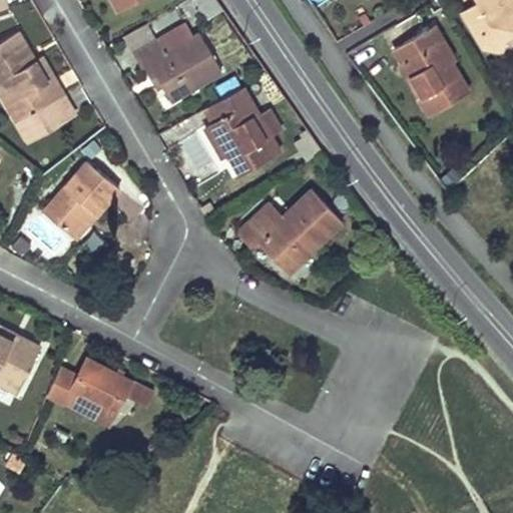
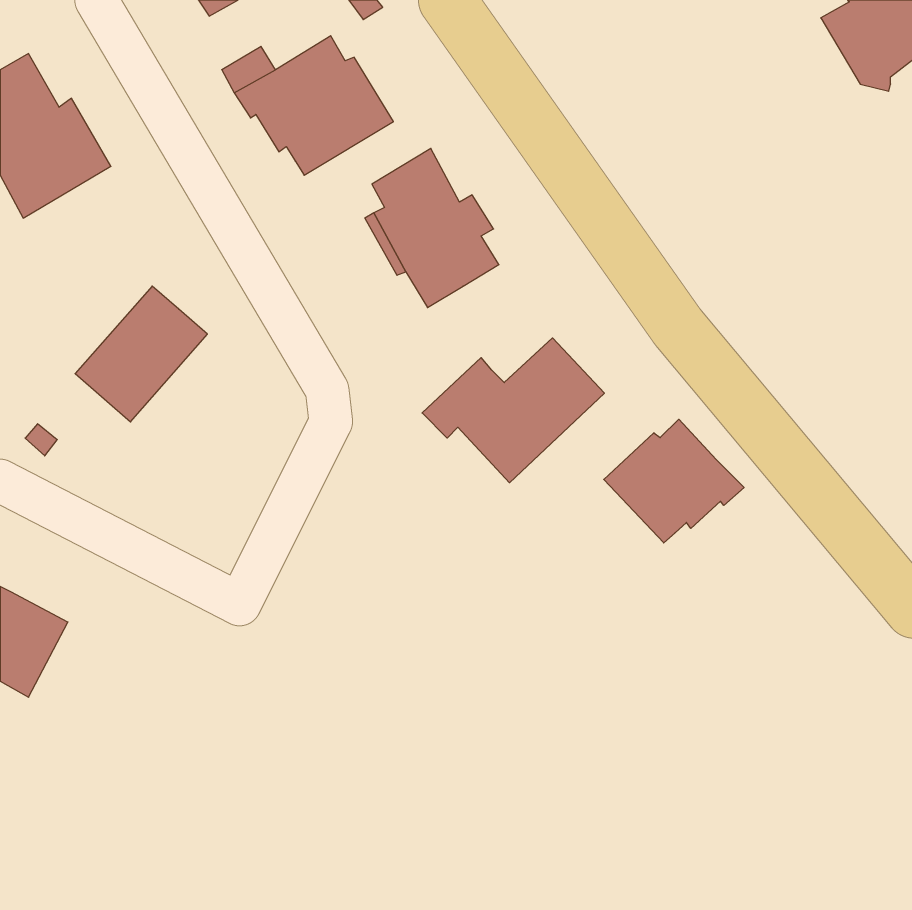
building: [395,25,468,114] -> none
building: [14,95,75,143] -> none
building: none -> [604,419,744,543]
building: [46,360,152,428] -> none

